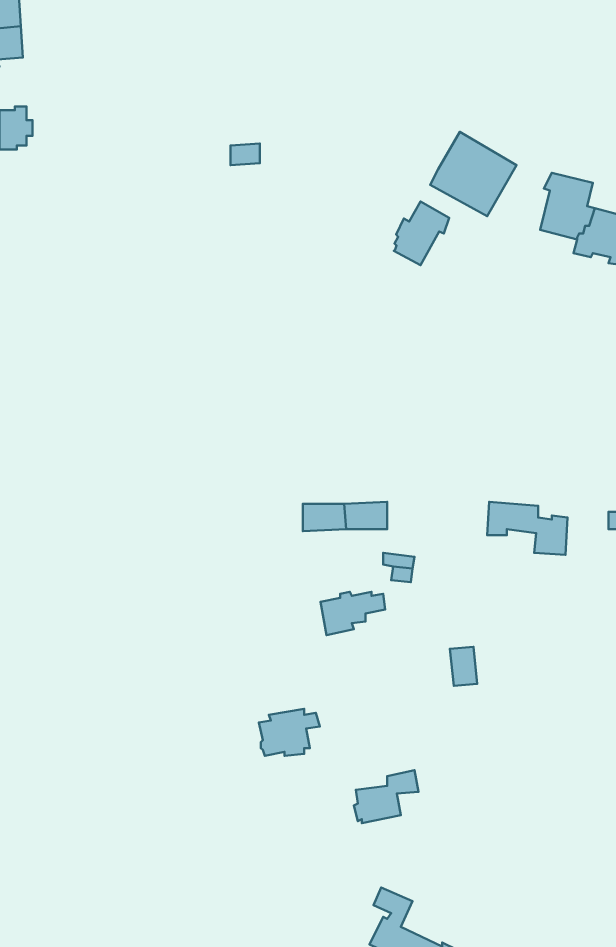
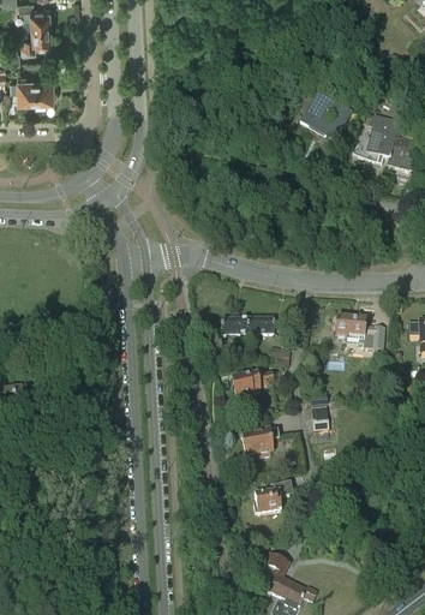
building: [394,202,449,265] -> none
building: [259,709,320,756] -> [241,426,279,455]

